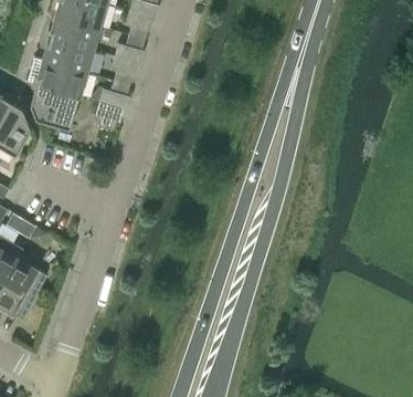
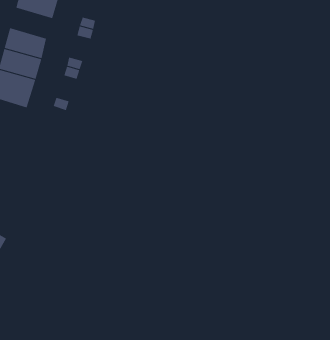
building: [49,17,97,51] -> none

